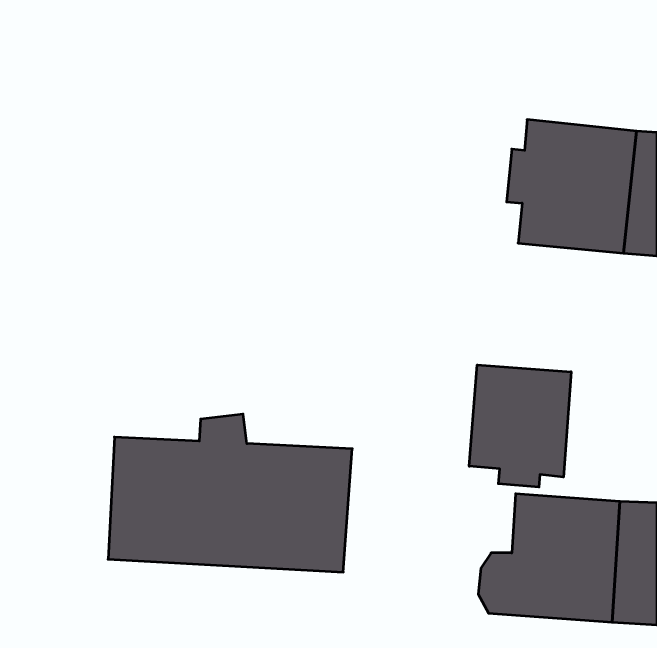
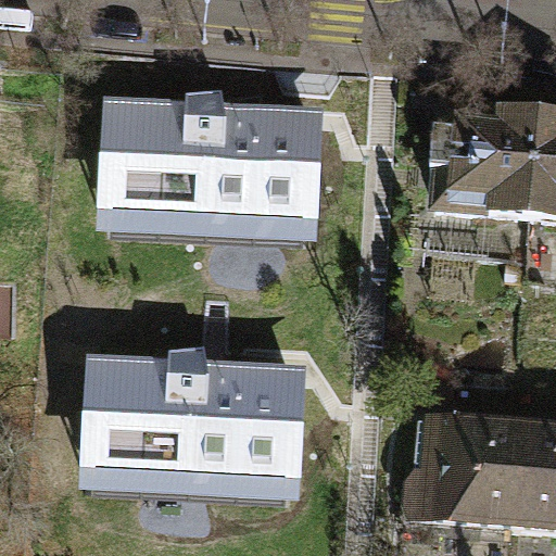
building: none -> [109,91,314,225]
building: [469,365,571,487] -> none

